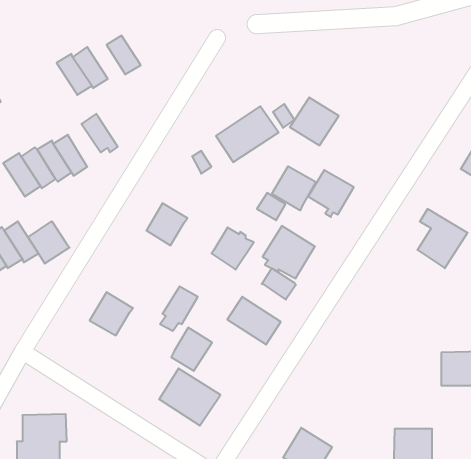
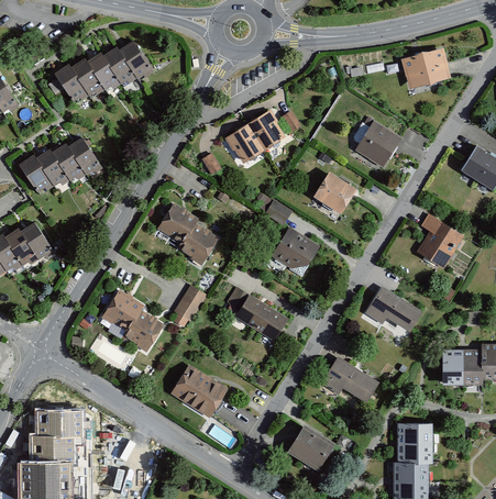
building: none -> [102,48,135,87]
building: none -> [400,49,452,89]
building: [290,97,339,145] -> [354,121,401,167]
building: [81,114,118,152] -> [54,66,89,103]
building: [272,166,316,210] -> none
building: [28,221,70,264] -> none
building: [212,227,254,270] -> [178,223,219,264]
building: [262,268,296,300] -> none
building: none -> [366,284,425,329]
building: [171,328,212,371] -> [124,310,164,352]
building: none -> [322,353,382,400]

